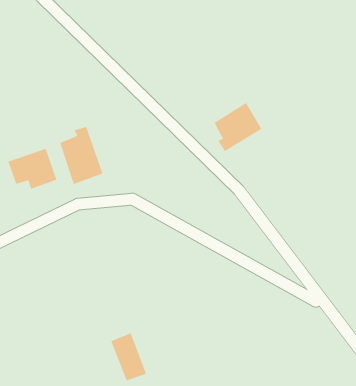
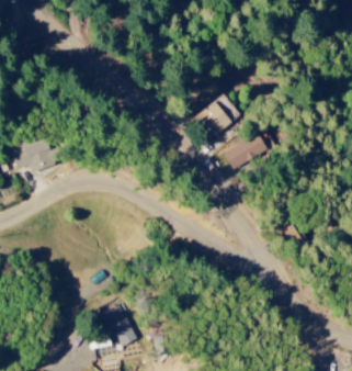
building: [60,126,103,185] -> none
building: none -> [227,133,268,167]

